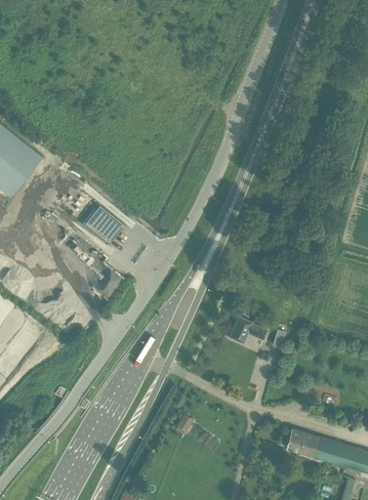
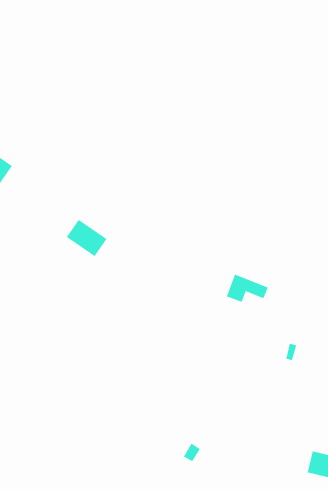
building: [230,317,269,343] -> [226,273,269,303]

